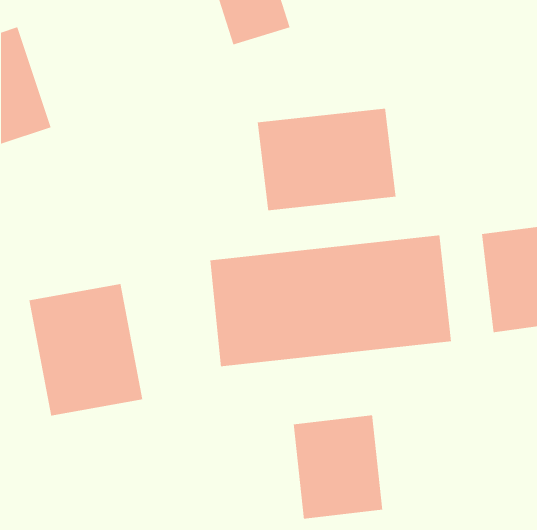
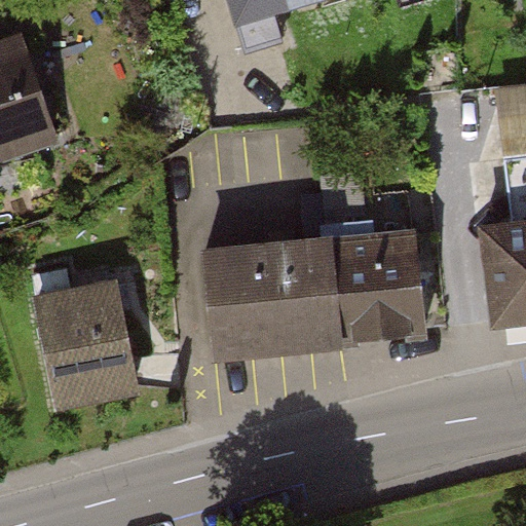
building: [257,108,396,211] -> none
building: [293,415,383,520] -> none

